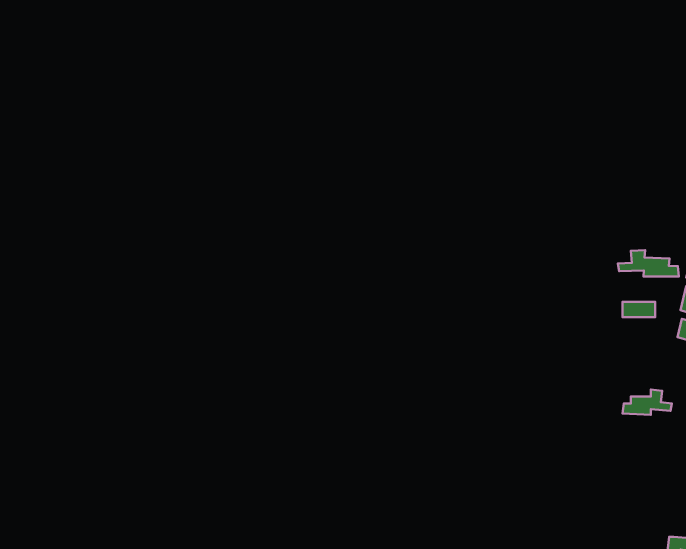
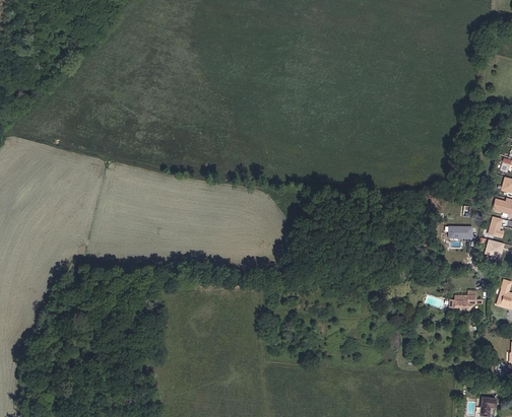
building: [618,250,679,276] -> none

